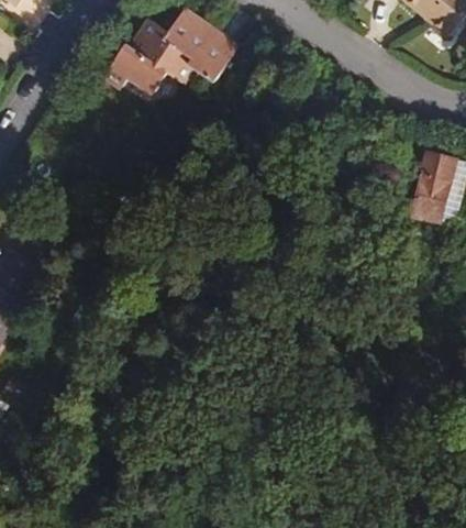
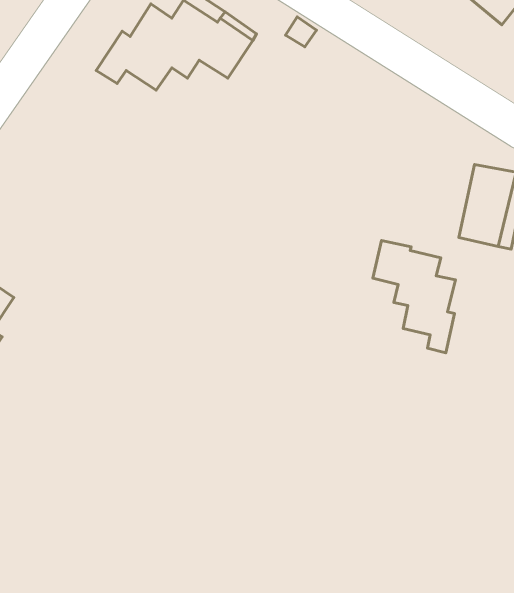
building: none -> [373,240,455,353]

